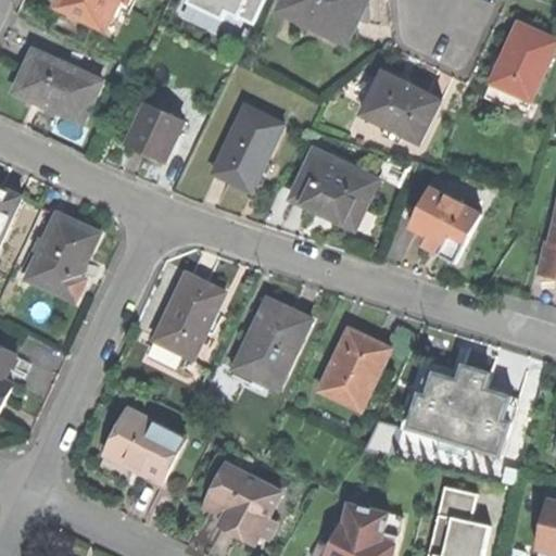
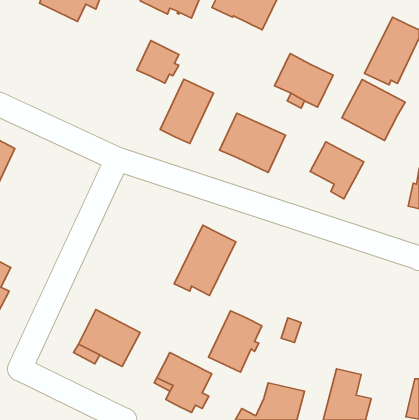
building: [13,48,100,123] -> none
building: [126,103,181,160] -> [137,40,179,83]
building: none -> [342,79,405,140]
building: [25,212,98,300] -> none
building: [152,273,224,357] -> none
building: [318,328,389,408] -> [208,311,262,372]
building: [406,369,517,456] -> none

